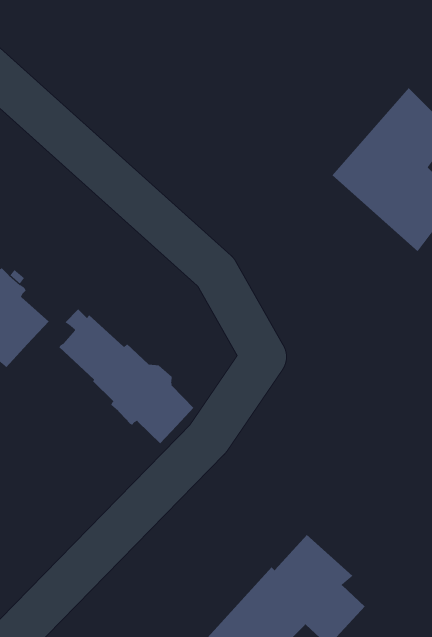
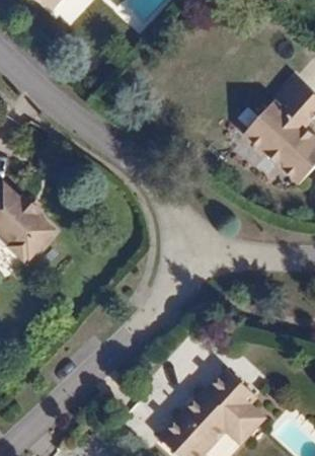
building: [59,308,194,444] -> none

